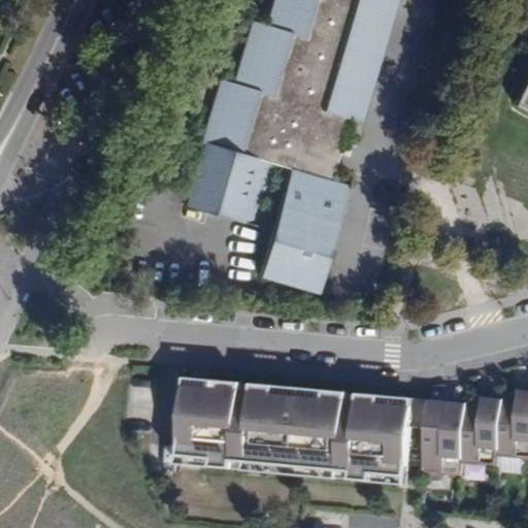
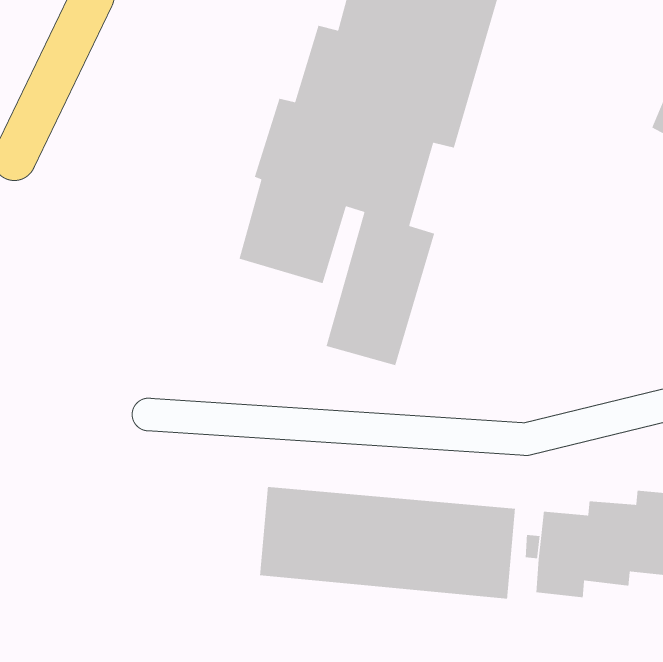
building: [184,383,213,456] -> none

